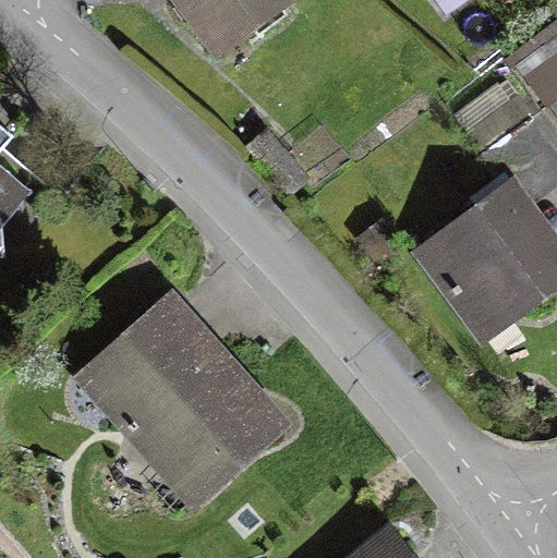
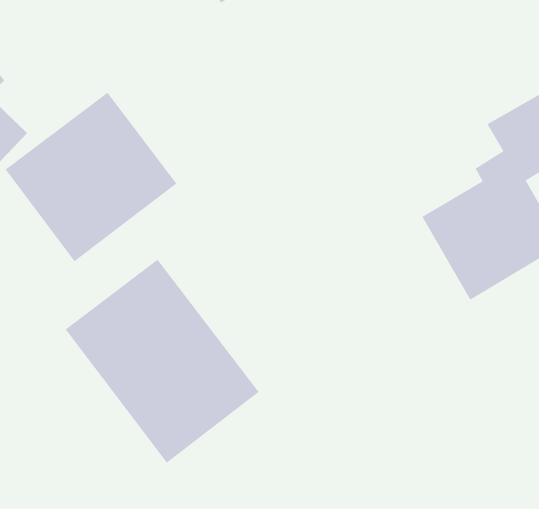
building: none -> [5,92,177,262]

